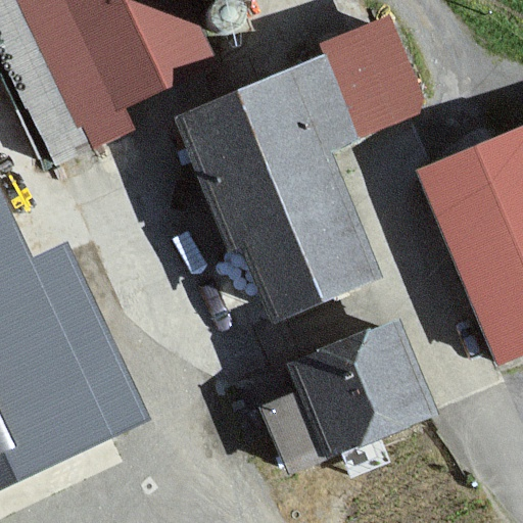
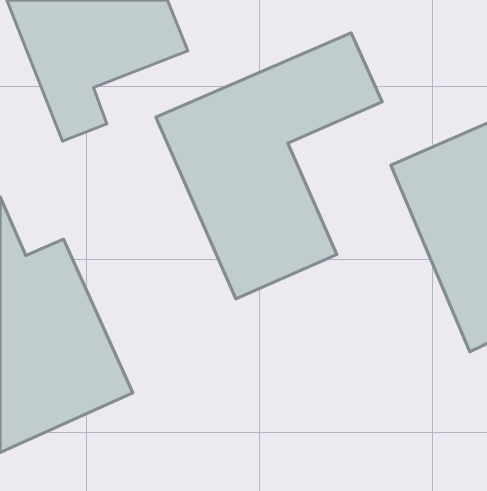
building: [258,310,431,471] -> none

